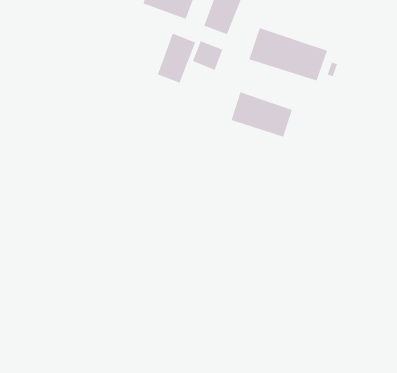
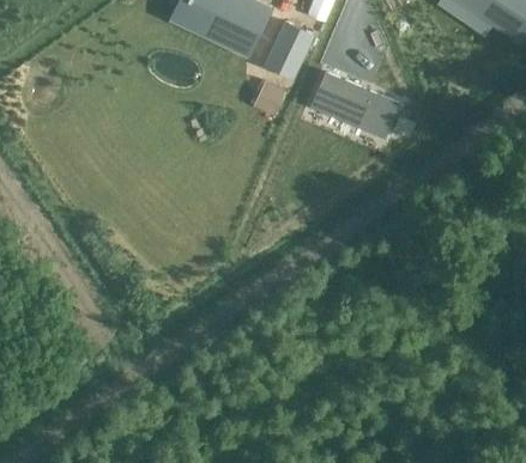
building: [157,33,196,83] -> none
building: [231,92,292,137] -> none

